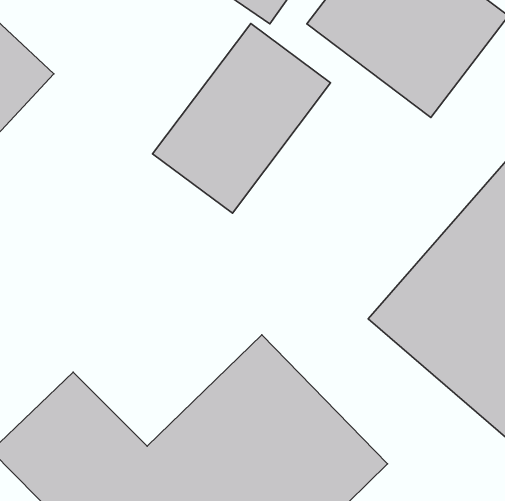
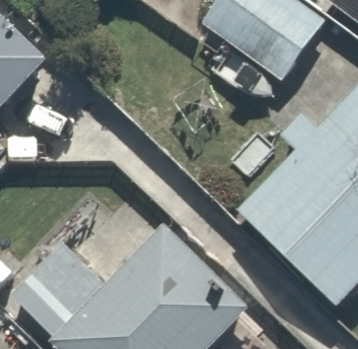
building: [153,24,331,213] -> none

